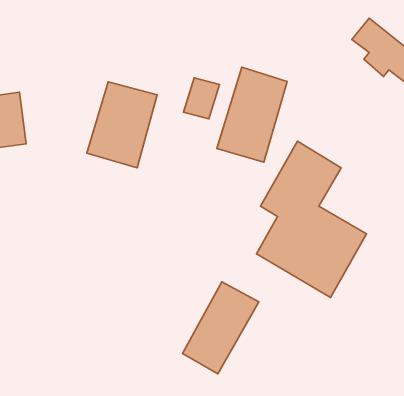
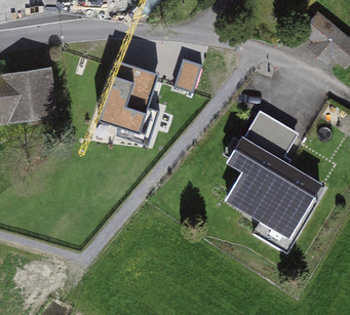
building: [217,67,287,162] -> none
building: [182,282,259,374] -> none

